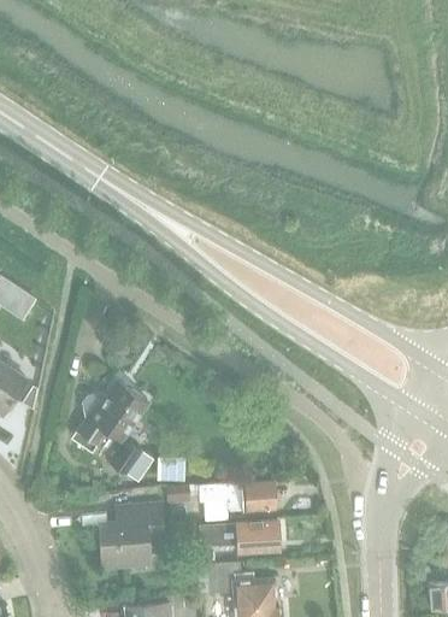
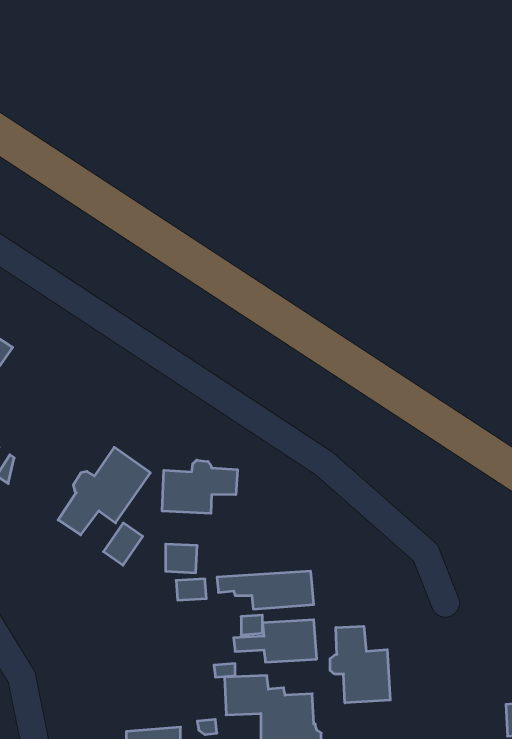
building: none -> [162,460,237,513]
building: [99,503,161,564] -> none
building: none -> [330,626,390,703]

